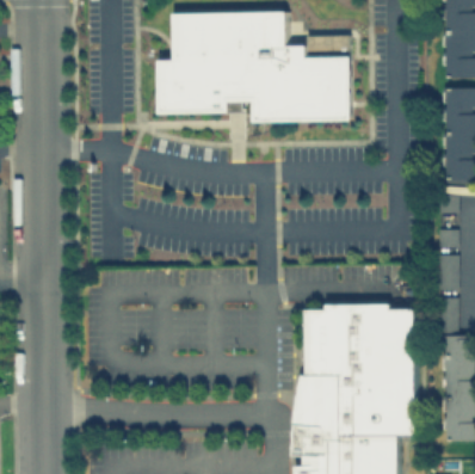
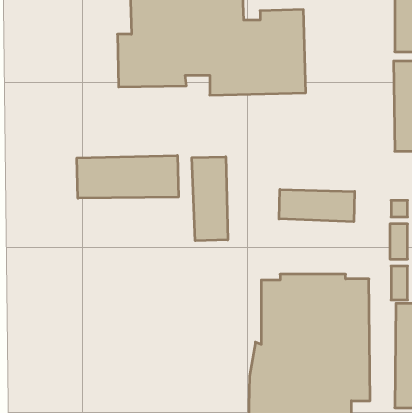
building: none -> [77,155,178,198]
building: none -> [192,157,228,241]
building: none -> [279,189,355,222]

